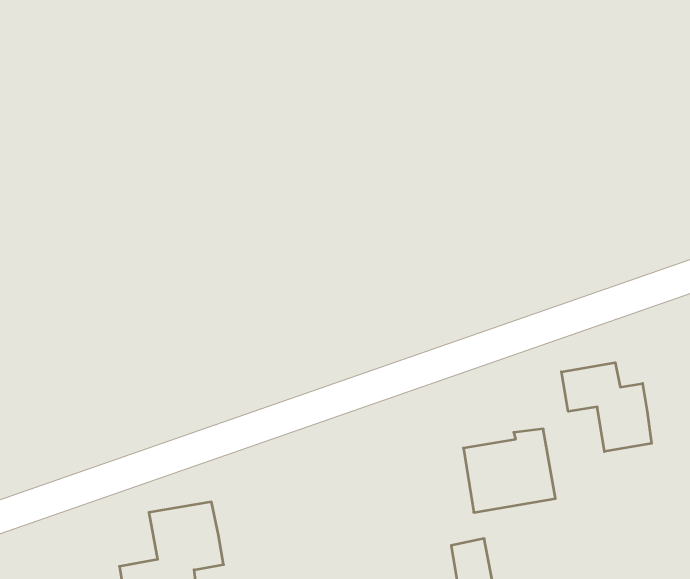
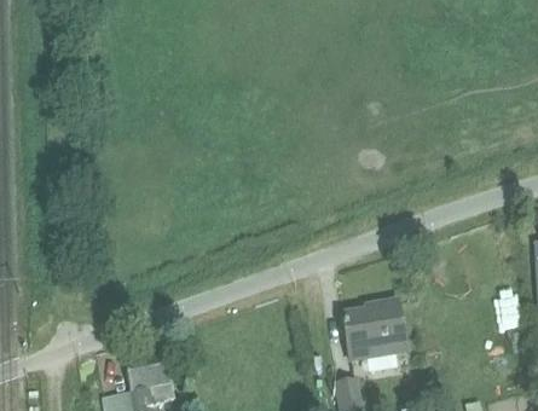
building: [561,363,652,452] -> none

